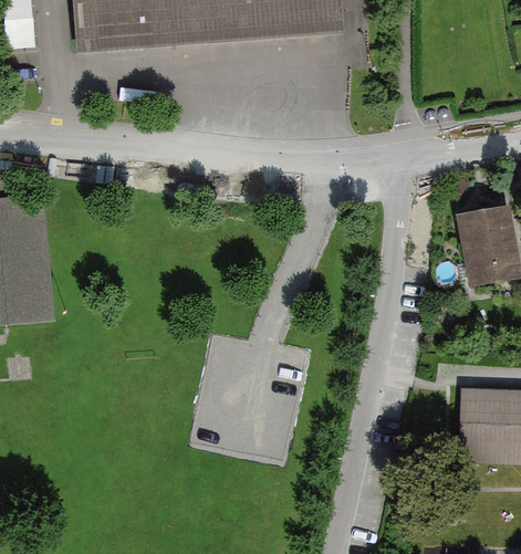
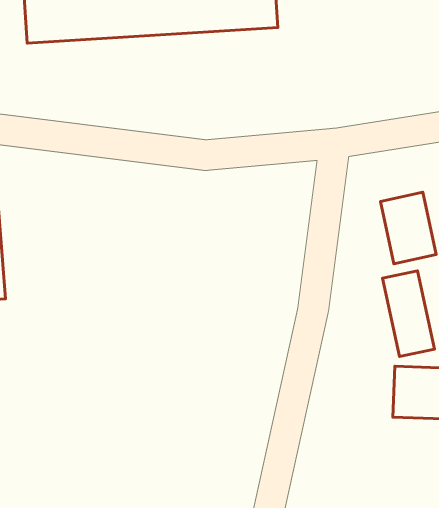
building: none -> [383,271,435,357]

